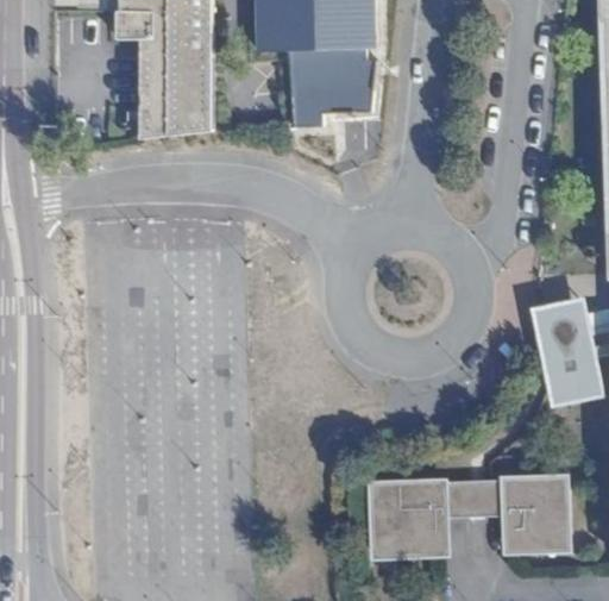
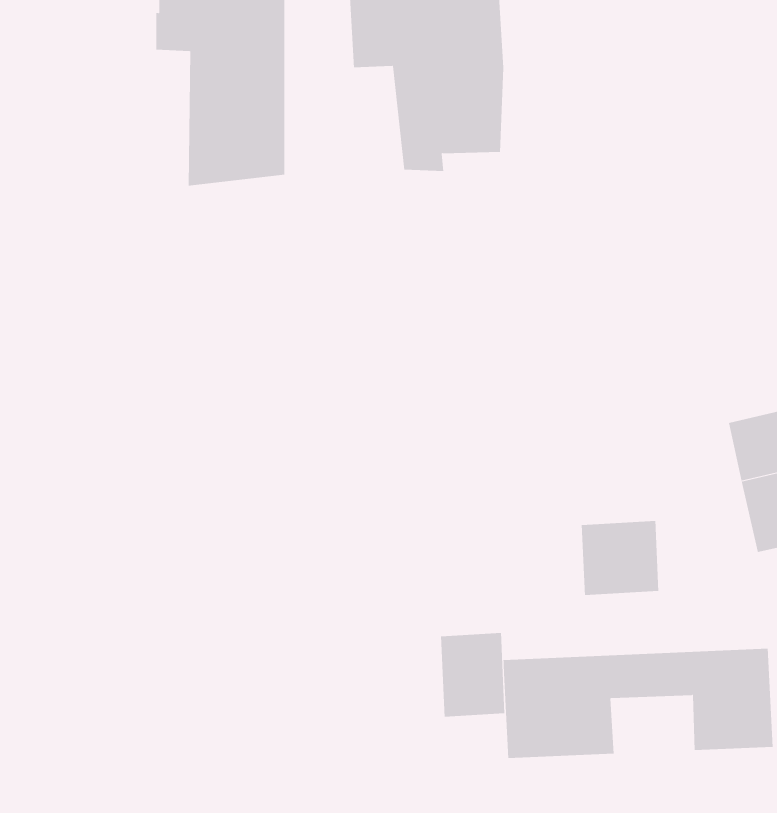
building: none -> [581,520,659,596]
building: none -> [441,632,505,717]

